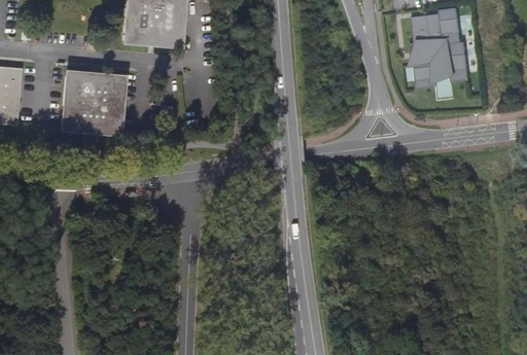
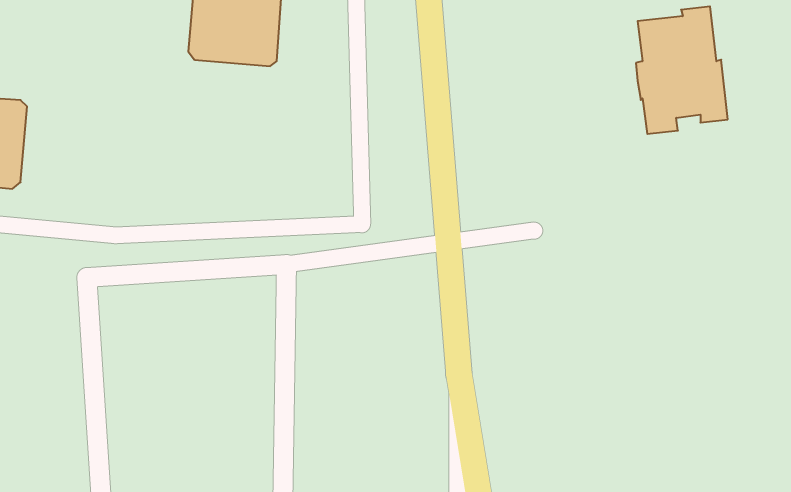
building: [62,72,122,133] -> none

